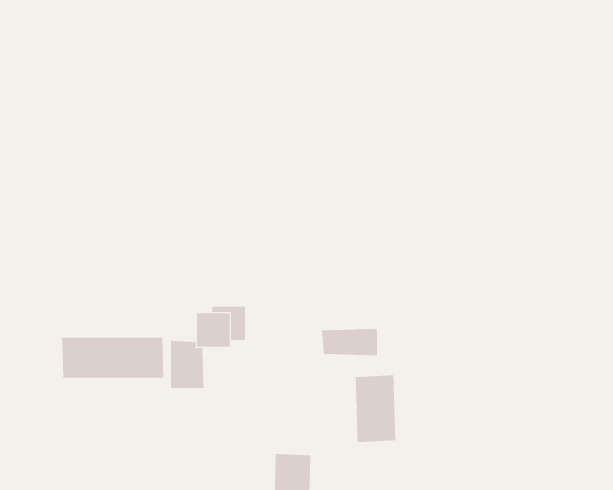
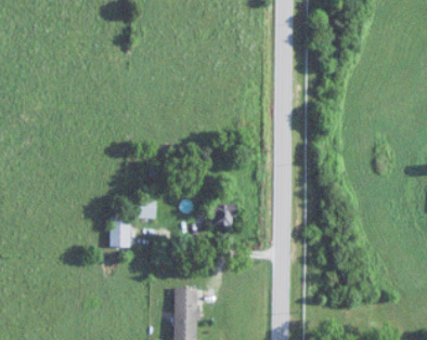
building: [62,337,164,378] -> none
building: [355,375,396,443] -> none

